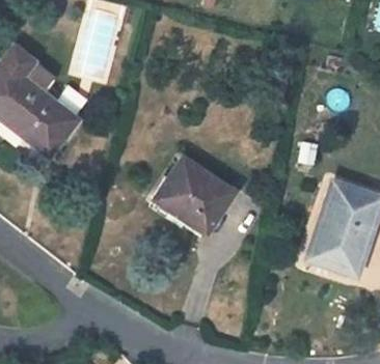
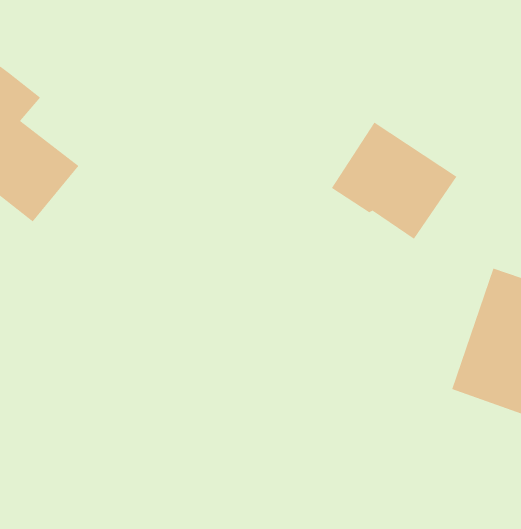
building: [156,158,235,231] -> [331,121,458,240]

